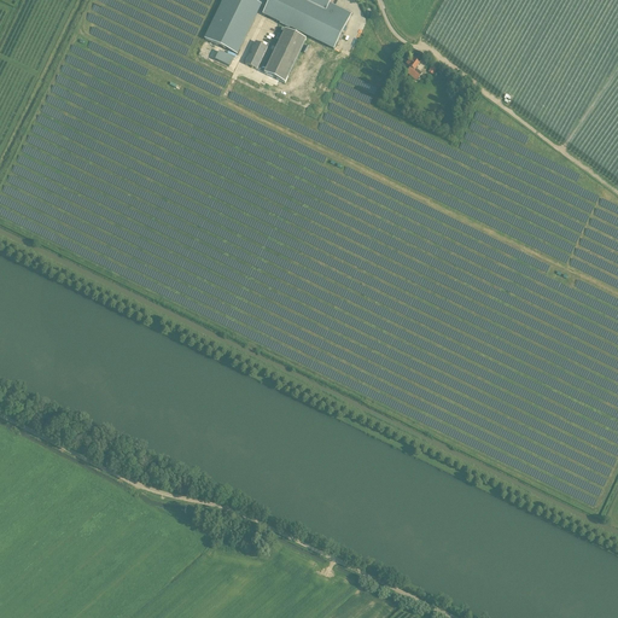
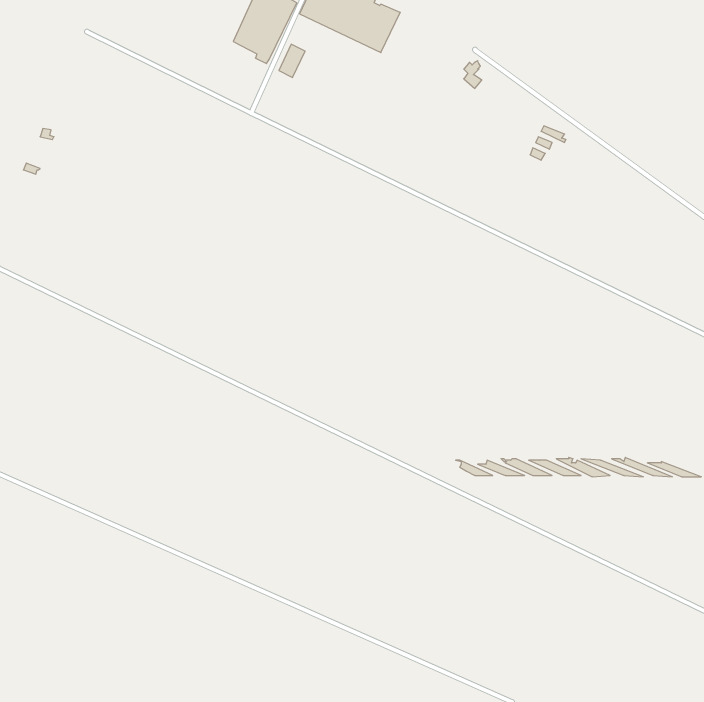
building: [263,24,305,82] -> none

